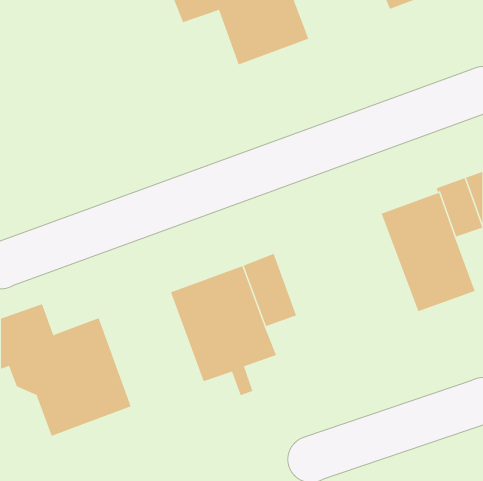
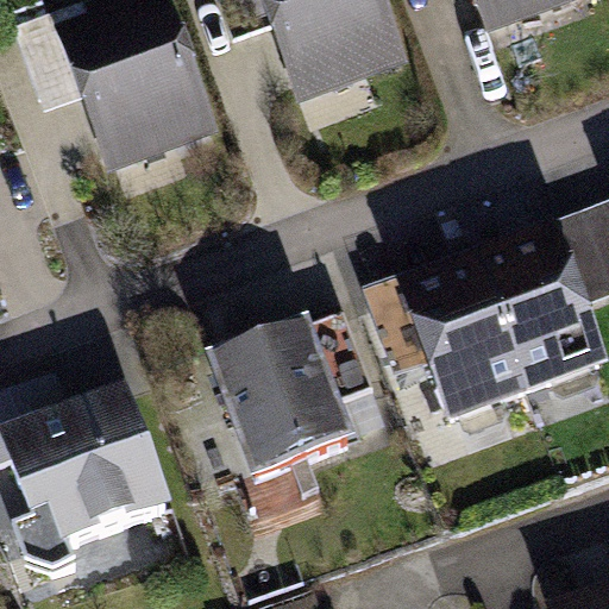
building: none -> [15,7,200,151]
building: none -> [407,269,526,420]

